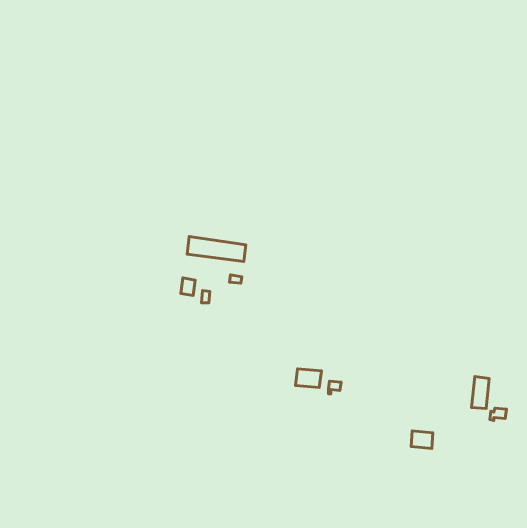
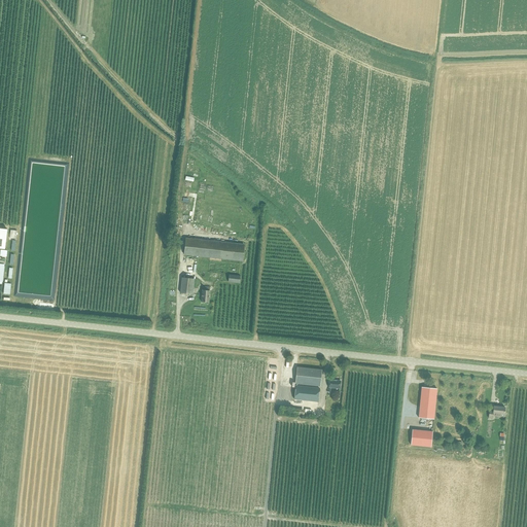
building: [472,376,489,408] -> [418,387,435,419]
building: none -> [288,386,318,402]

